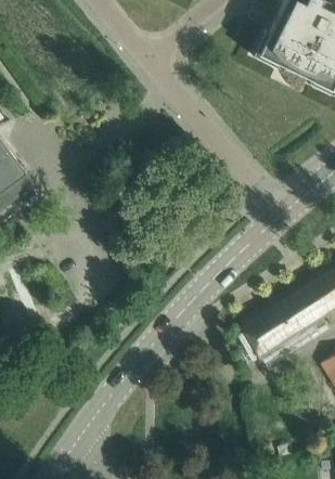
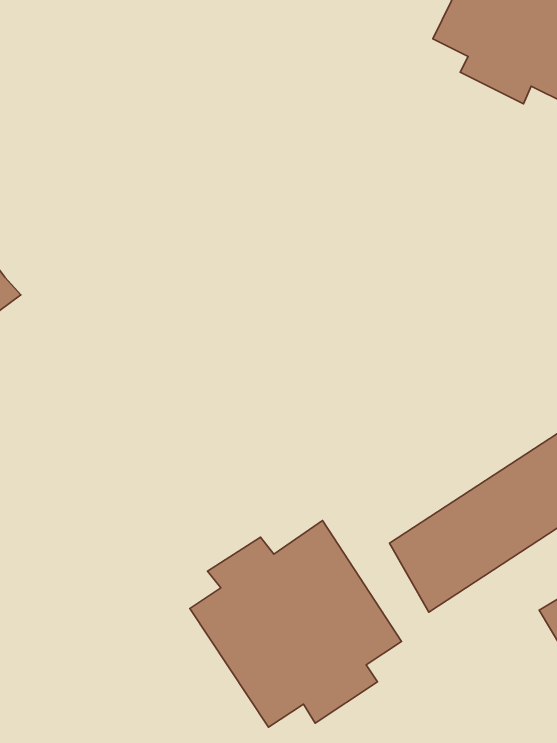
building: none -> [190,521,401,727]

